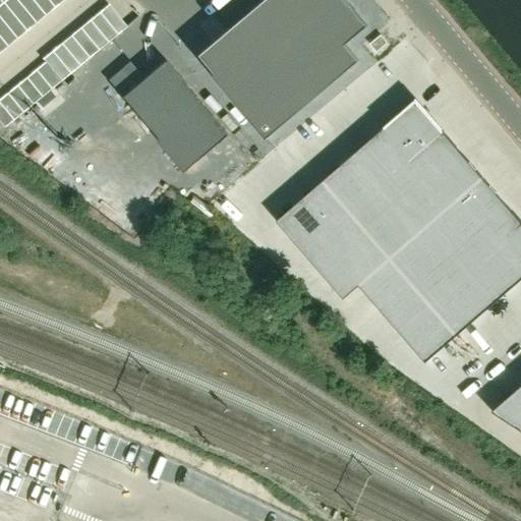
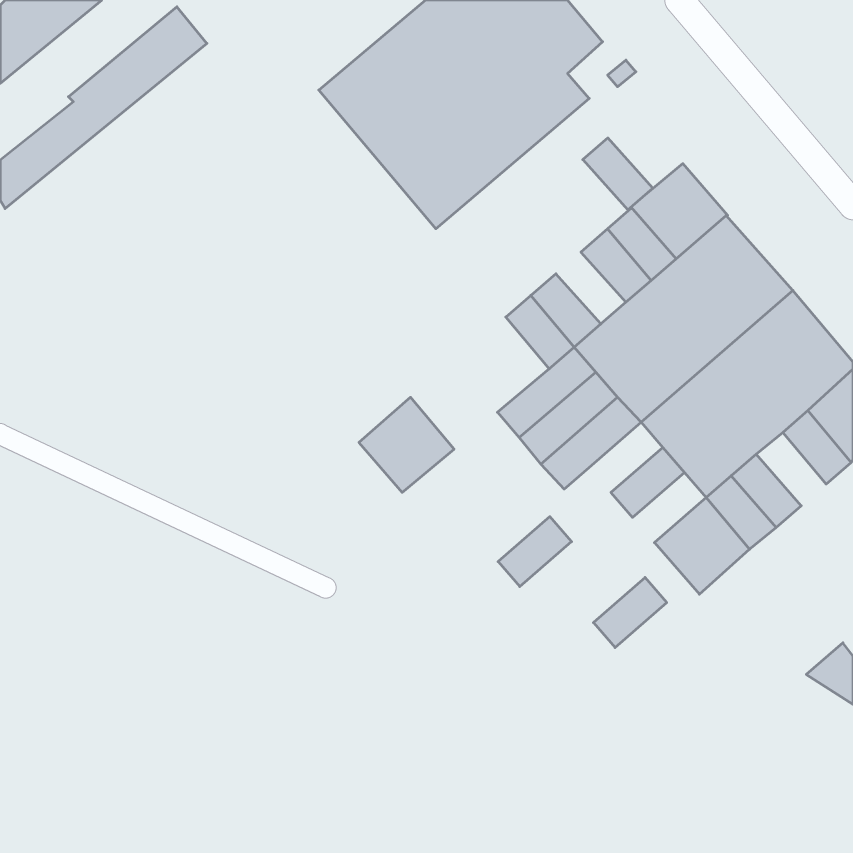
building: [107,59,229,172] -> none
building: [339,154,382,197] -> [583,138,653,210]
building: [277,193,335,251] -> [359,397,454,492]
building: [359,257,404,300] -> [498,517,572,587]
building: [461,264,504,308] -> none
building: [386,288,430,331] -> [593,577,667,648]

